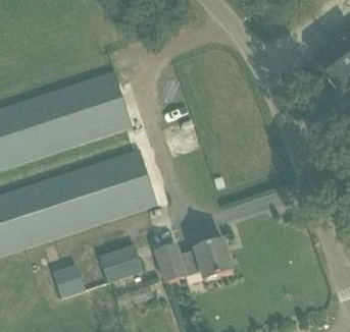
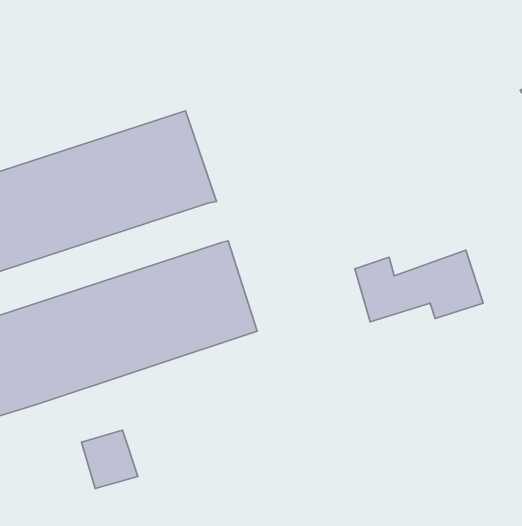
building: [157,240,234,283] -> [355,250,483,322]
building: [100,245,145,284] -> none

